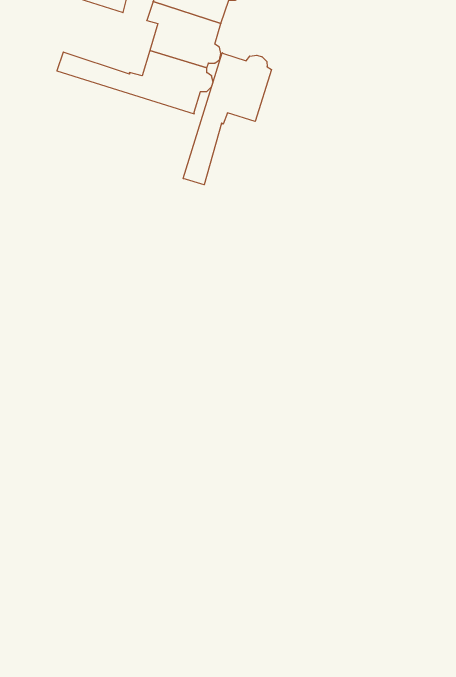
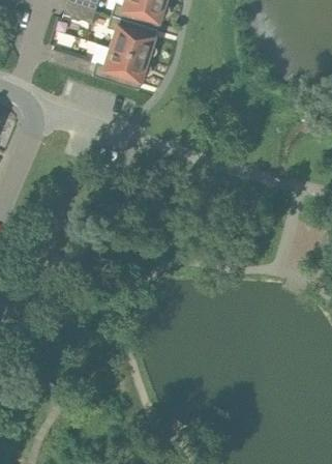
building: [183,53,271,185] -> none

